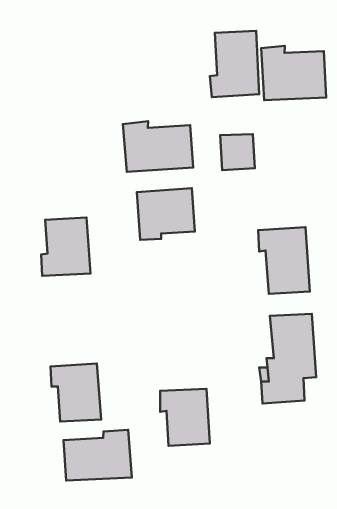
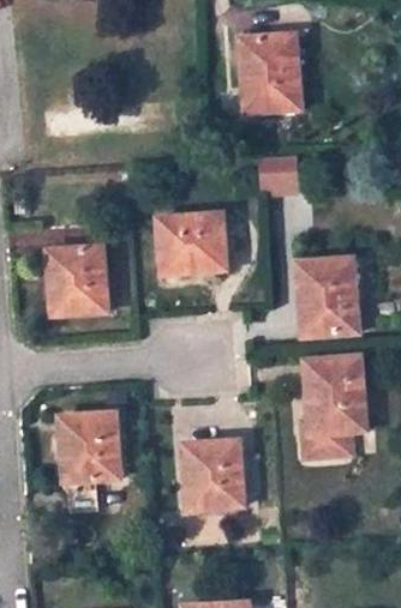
building: [261,46,326,100] -> none
building: [123,121,193,172] -> none
building: [63,430,132,481] -> none

